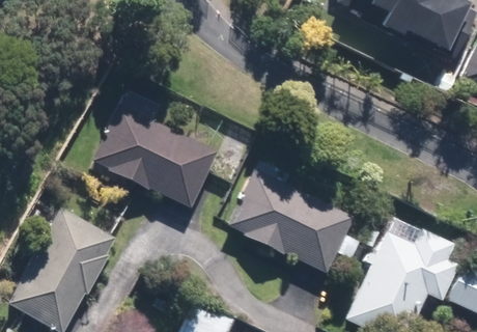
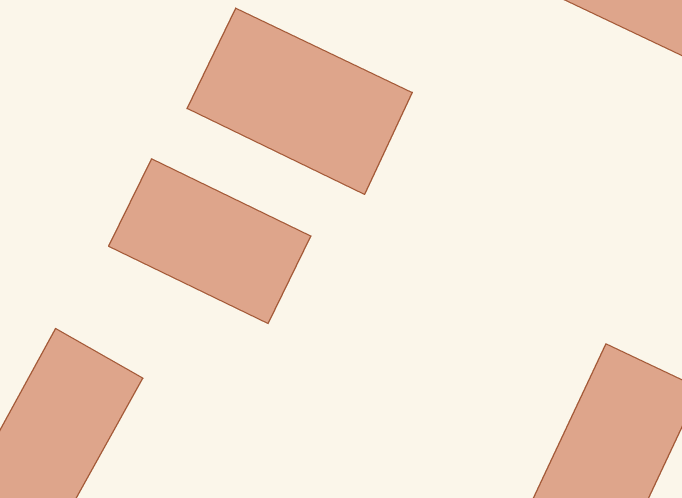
building: none -> [187,8,412,194]
building: [228,171,352,273] -> none

